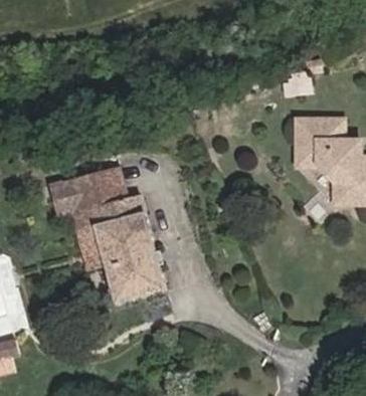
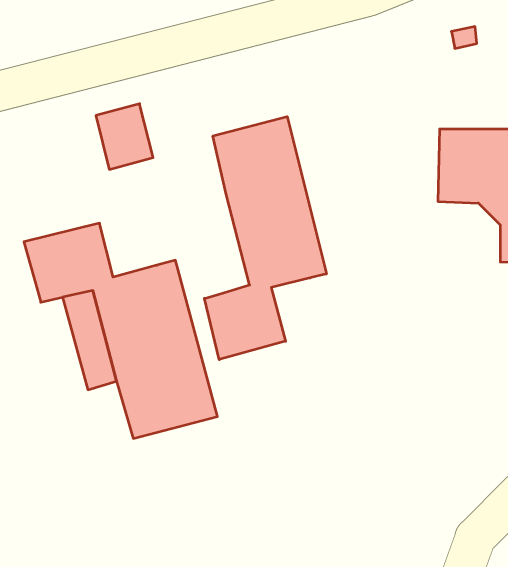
building: none -> [204,117,326,360]
building: [94,167,128,206] -> [96,104,153,169]

